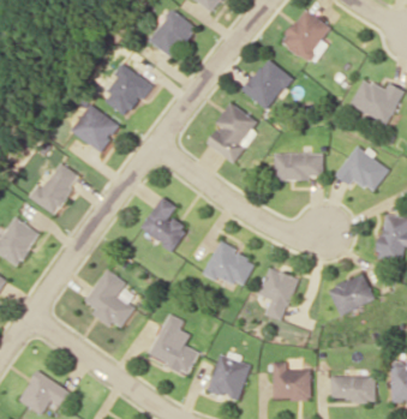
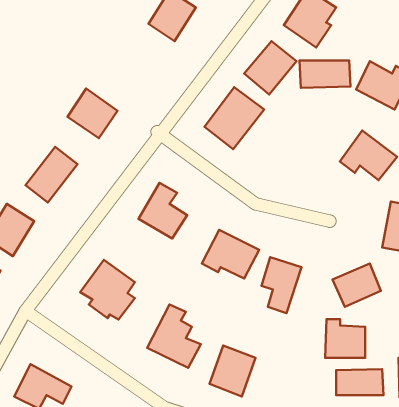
building: [101,65,152,116] -> none
building: [273,154,322,180] -> [300,61,350,88]
building: [273,363,311,400] -> [325,319,365,358]

